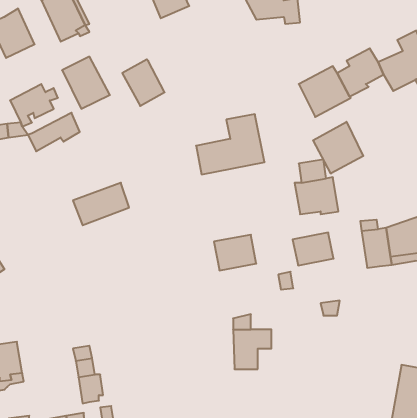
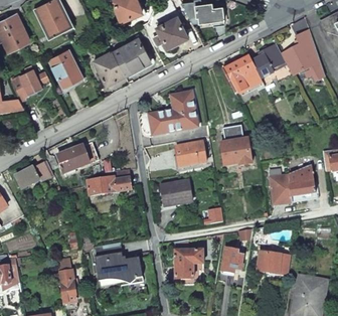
building: none -> [156,15,187,46]
building: none -> [112,37,150,74]
building: [28,113,80,151] -> [14,160,52,188]
building: [313,122,363,174] -> none
building: none -> [87,168,131,194]
building: [293,233,334,265] -> [175,141,205,165]
building: none -> [93,241,142,283]
building: none -> [221,248,241,272]
building: none -> [257,249,289,284]

